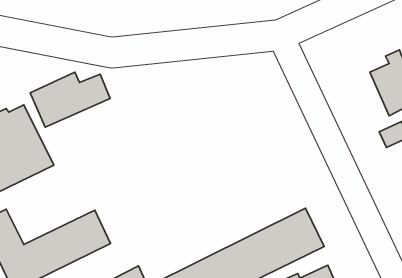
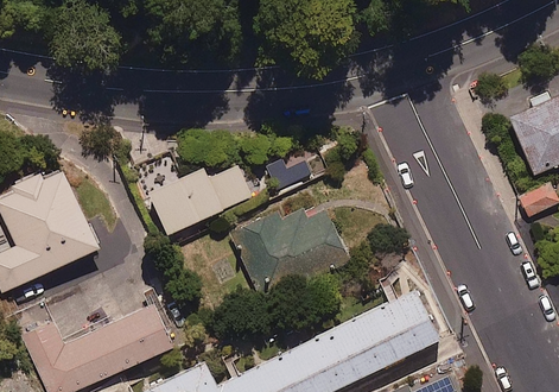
building: [30,72,110,127] -> [148,162,250,232]
building: none -> [228,206,352,302]

